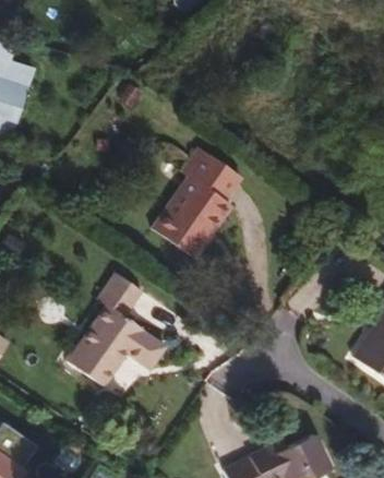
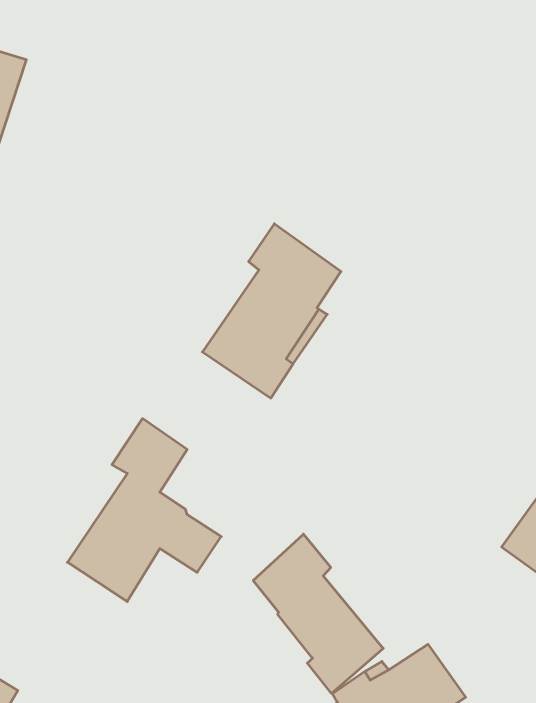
building: none -> [253,534,383,693]

